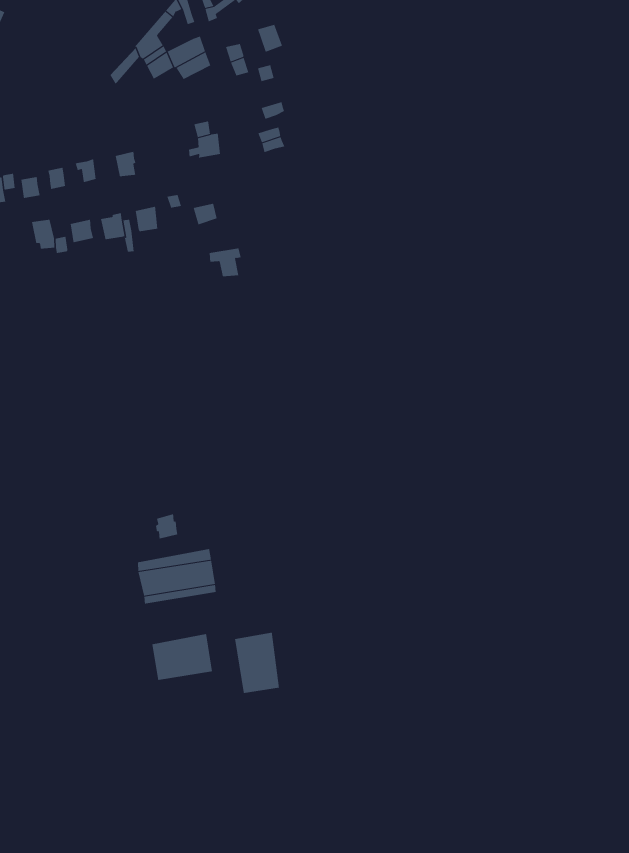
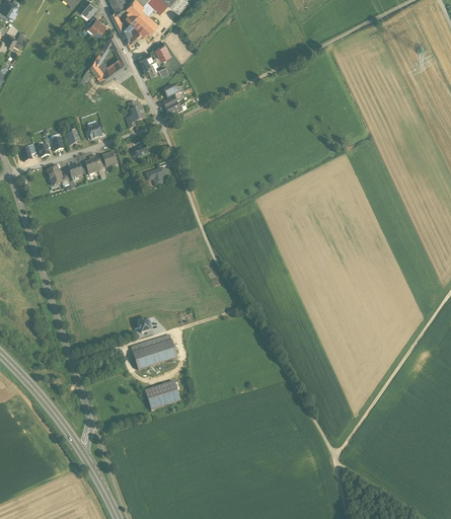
building: [234,632,279,694] -> none

